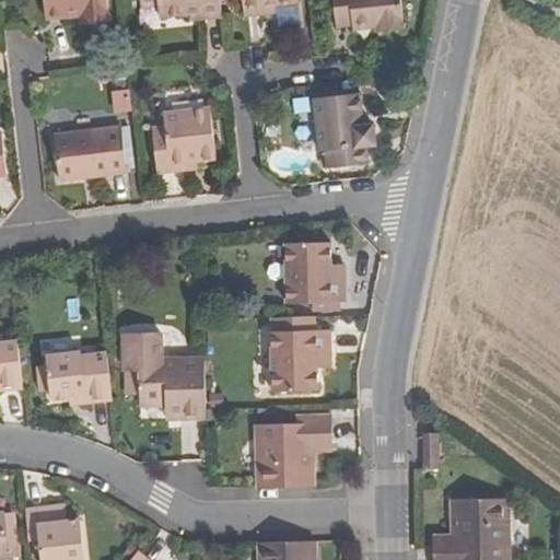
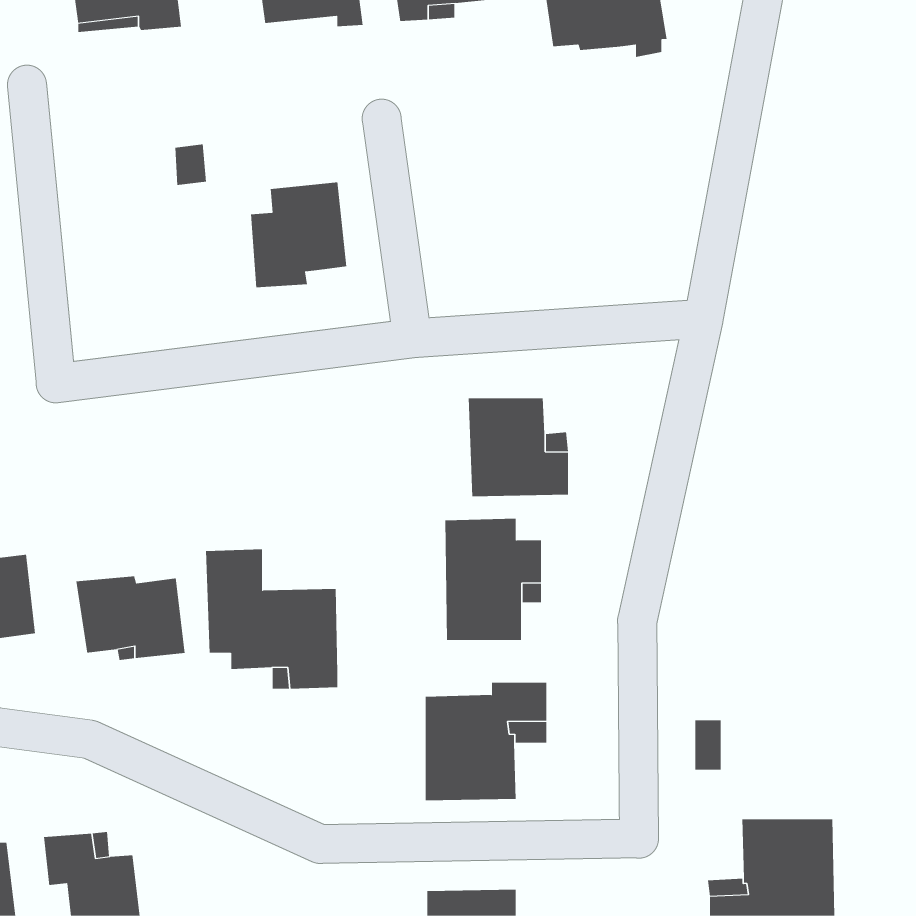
building: [306,94,372,170] -> none
building: [54,130,127,184] -> none

